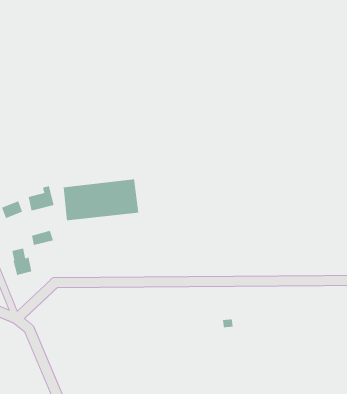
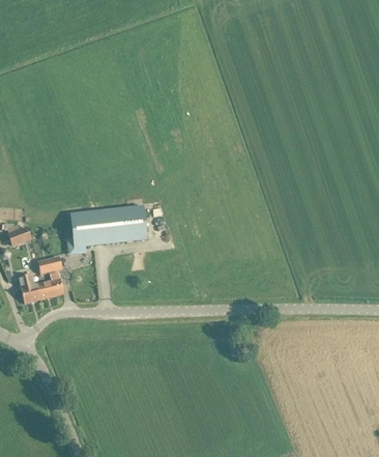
building: [28,186,55,211] -> [37,272,64,297]

